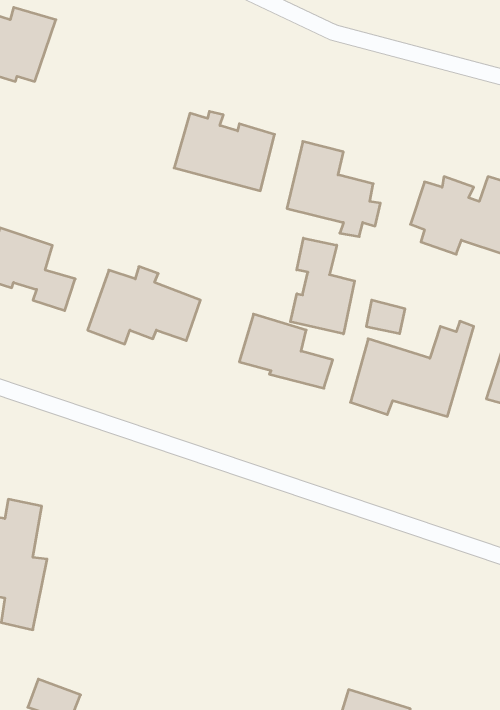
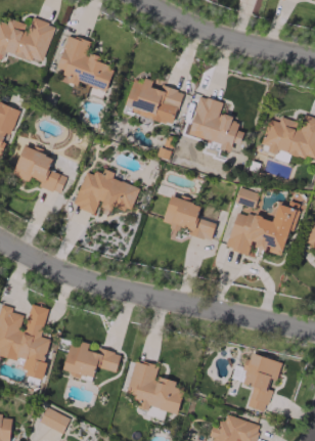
building: none -> [57,34,114,90]
building: [290,238,355,334] -> none
building: none -> [62,339,121,377]
building: none -> [232,352,281,411]
building: none -> [127,360,183,412]

